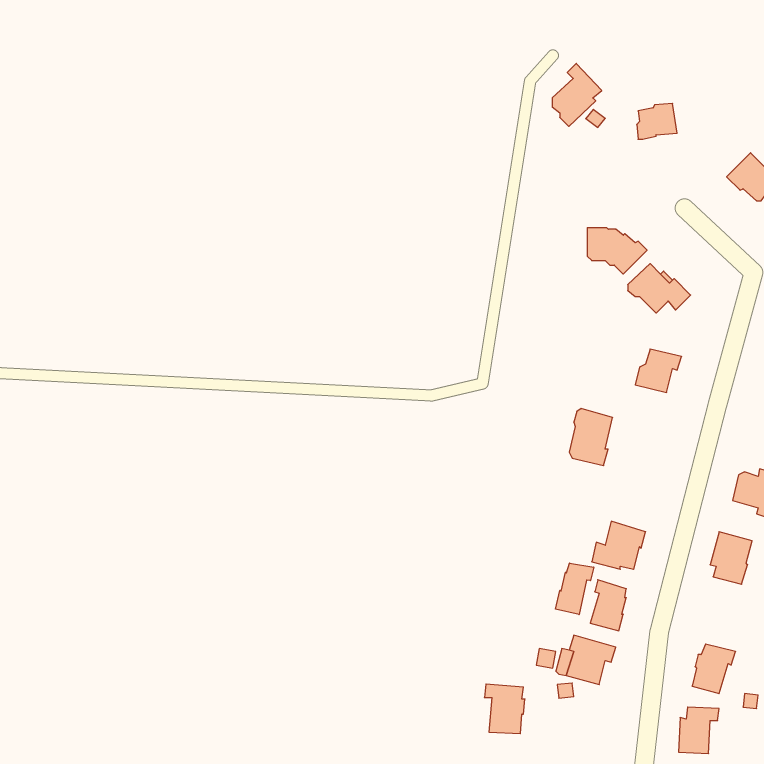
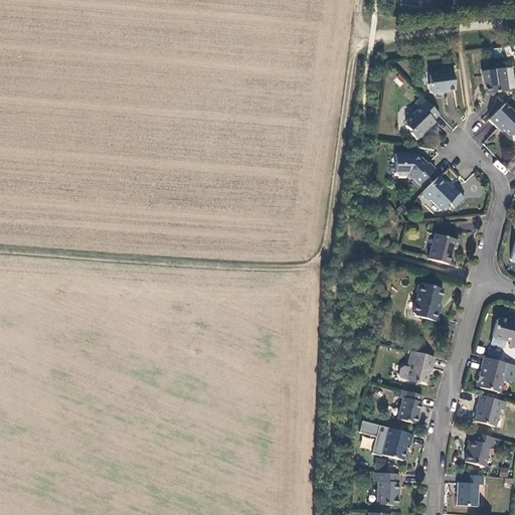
building: [552,63,602,126] -> [406,97,440,139]
building: none -> [483,67,507,93]
building: [569,409,613,466] -> [413,283,443,321]
building: [556,563,594,615] -> none
building: none -> [475,395,506,426]
building: [484,684,525,734] -> [373,472,400,505]

